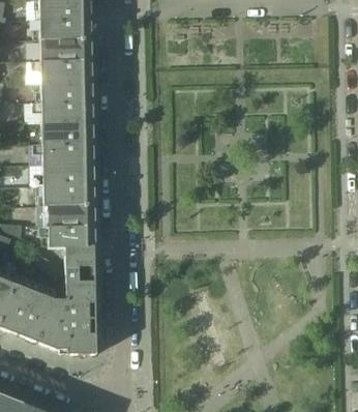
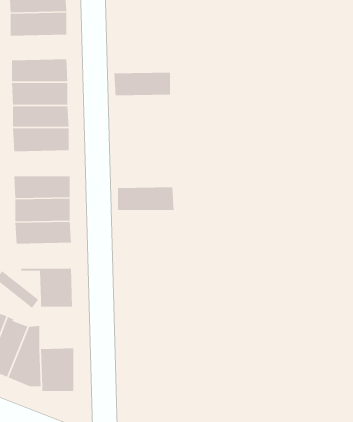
building: [38,37,89,59] -> [114,72,171,96]
building: [41,140,92,161] -> [117,186,174,211]
building: [43,222,93,243] -> none
building: [65,278,95,315] -> none

